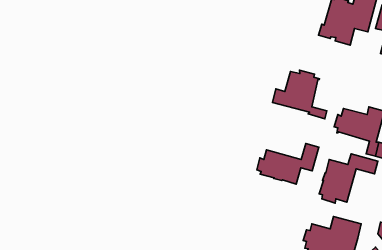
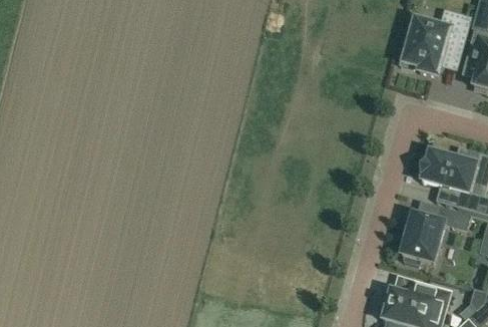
building: [272,70,327,119] -> none
building: [257,144,319,184] -> none

